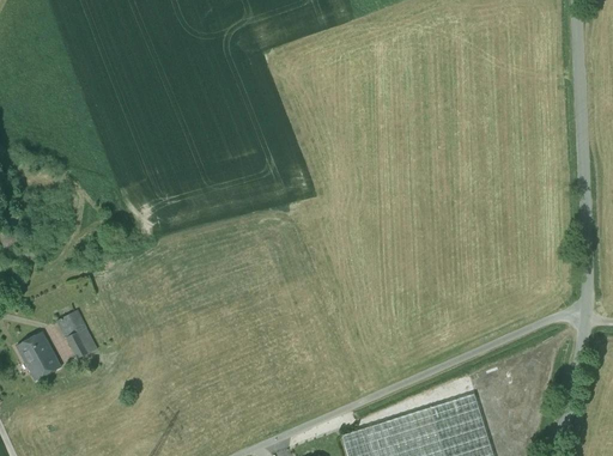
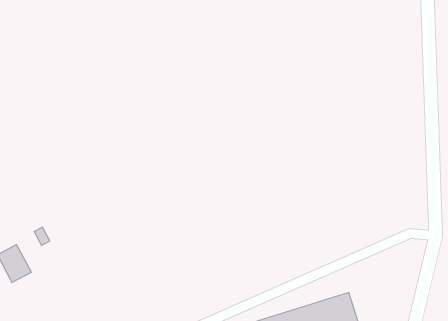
building: [66,327,97,359] -> none

